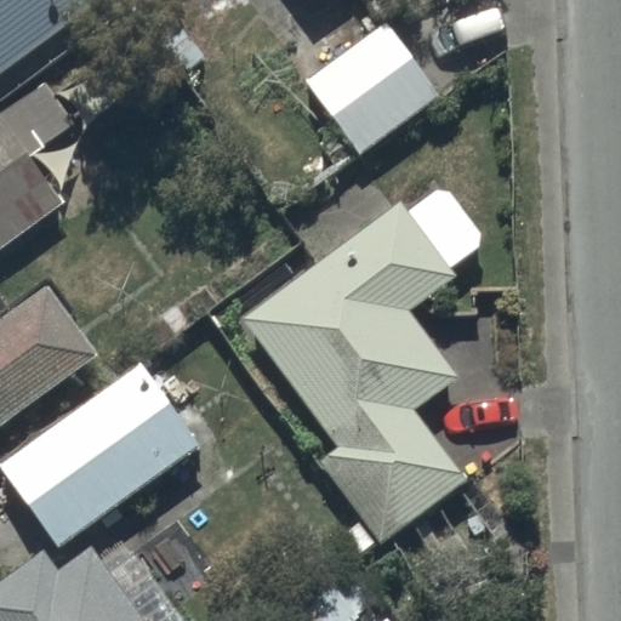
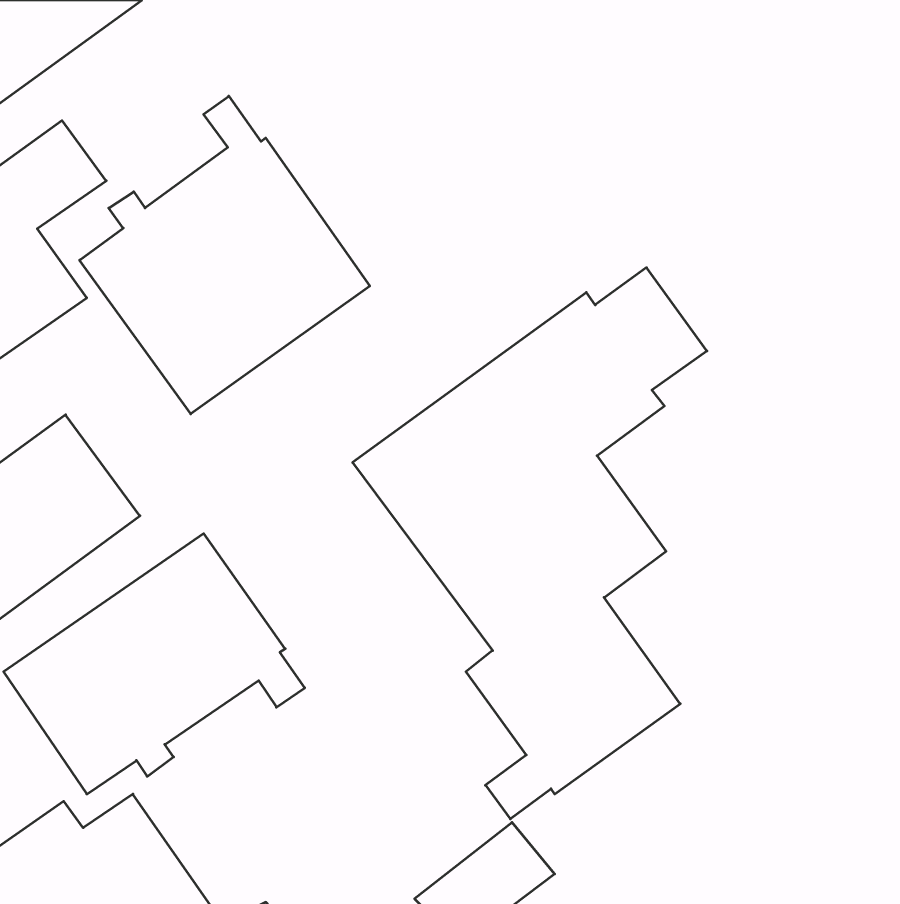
building: [304,21,439,154] -> none
building: none -> [80,96,370,414]

